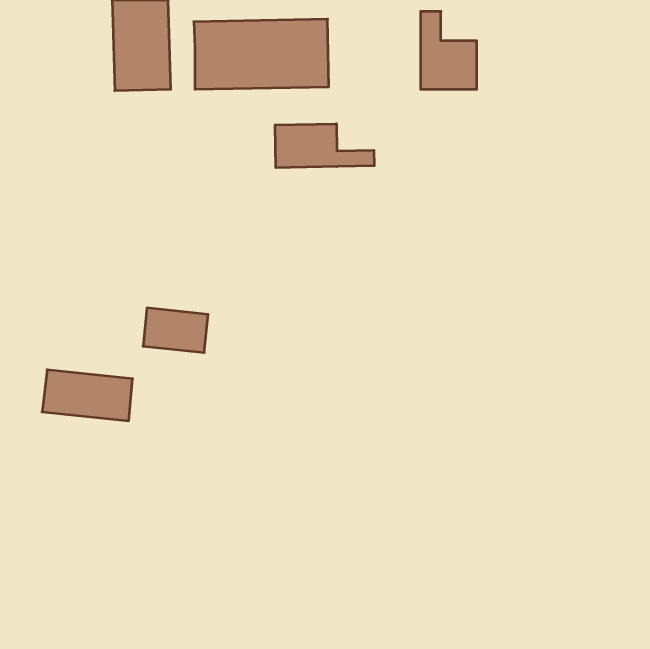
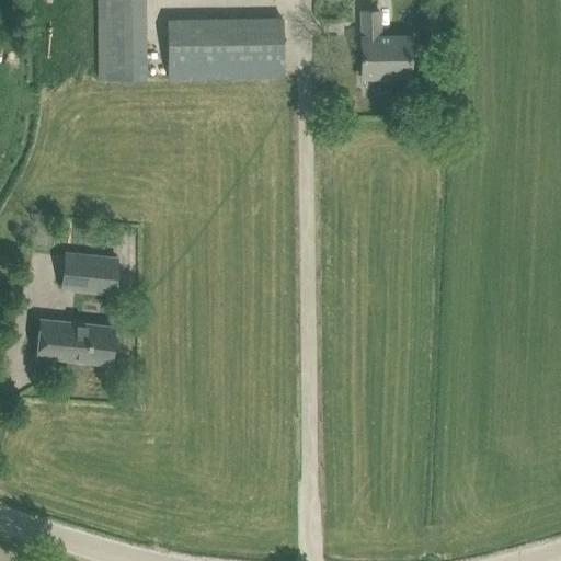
building: [275,124,374,168] -> none
building: [143,308,208,353] -> [62,254,118,293]

